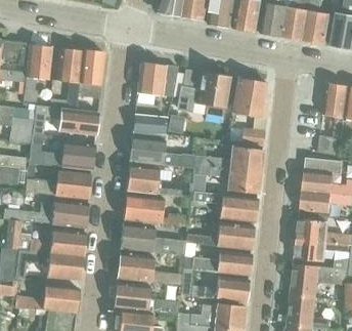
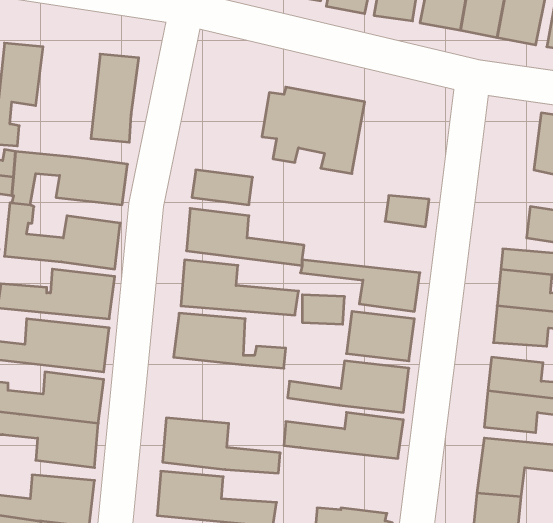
building: [54,47,81,109] -> none
building: [134,61,176,113] -> none
building: [231,78,265,118] -> none
building: [193,147,261,172] -> none
building: [119,223,185,255] -> none
building: [189,277,247,302] -> none

